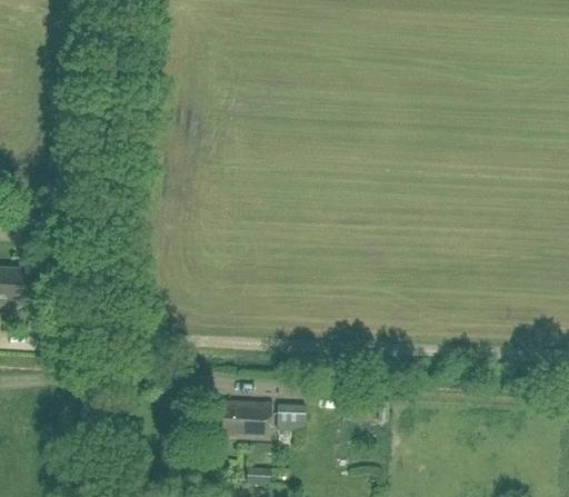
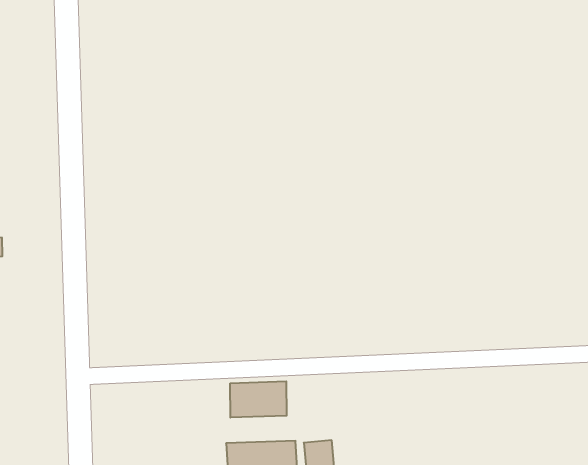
building: none -> [230,381,287,418]

